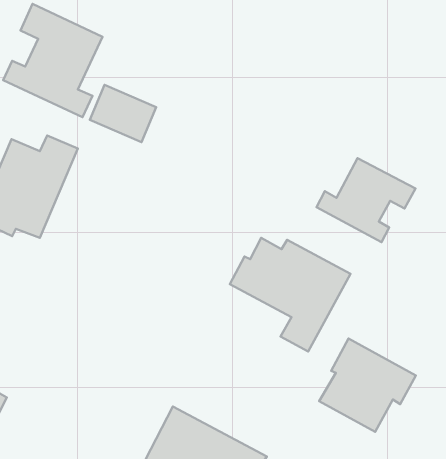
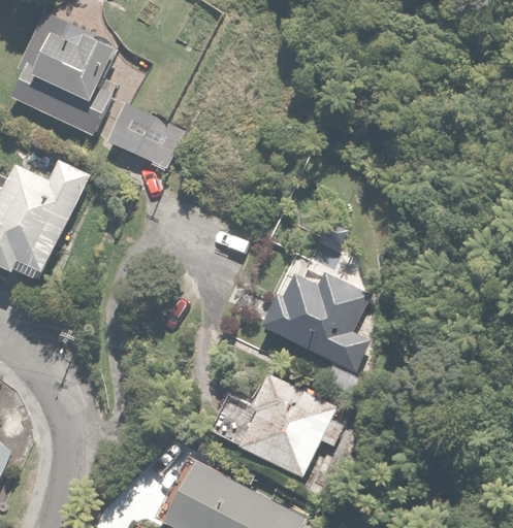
building: [316,158,416,242] -> none
building: [319,339,416,432] -> [237,372,346,476]

